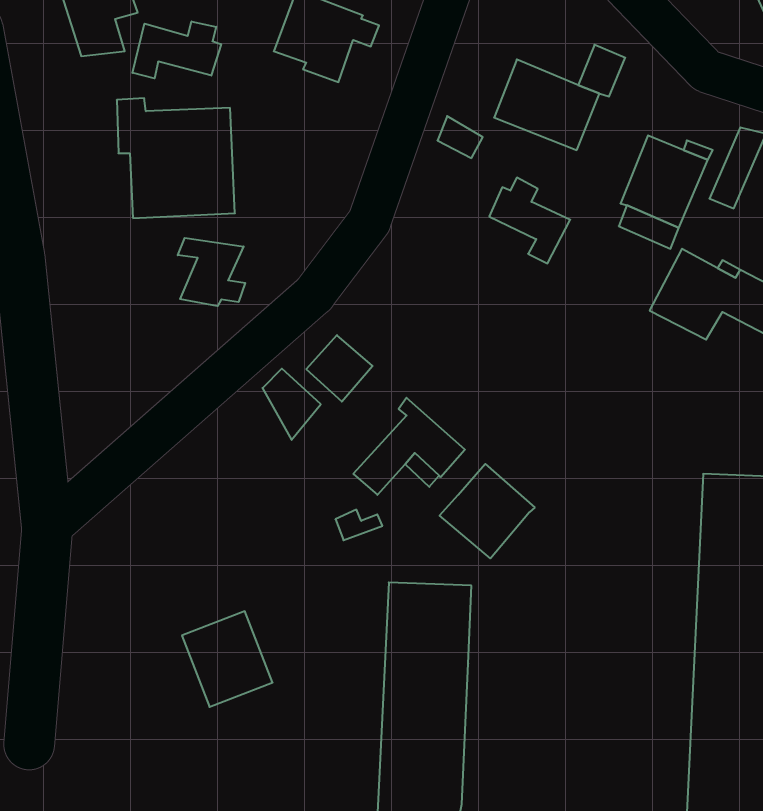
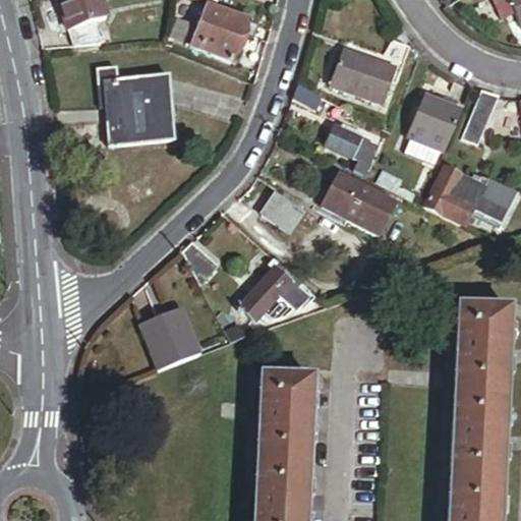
building: [132,21,221,78] -> none
building: [178,238,245,306] -> none
building: none -> [322,173,393,233]
building: [306,335,373,402] -> [264,193,305,235]
building: [440,464,535,558] -> none
building: [182,611,273,707] -> [150,312,207,372]

